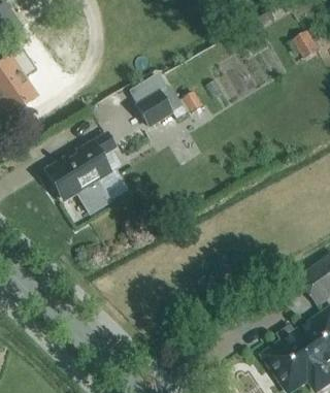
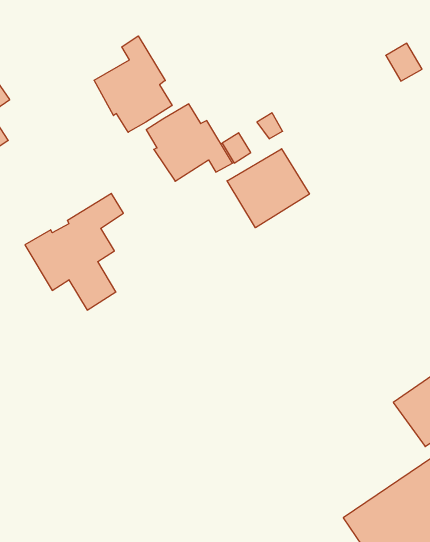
building: none -> [94,36,172,132]
building: none -> [227,149,309,228]

